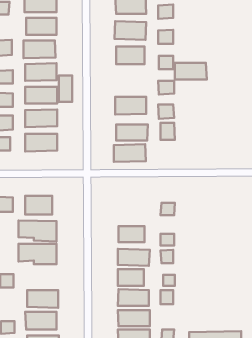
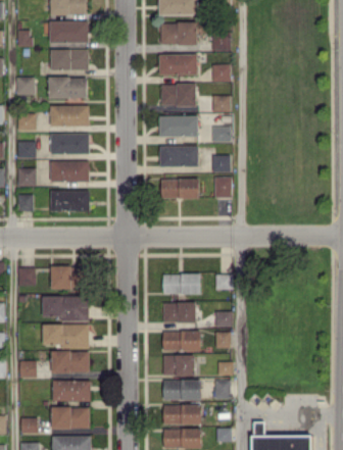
building: [175,63,207,80] -> [160,116,199,137]
building: [59,75,72,102] -> none
building: [114,144,146,162] -> [163,273,202,295]
building: none -> [51,351,89,373]

